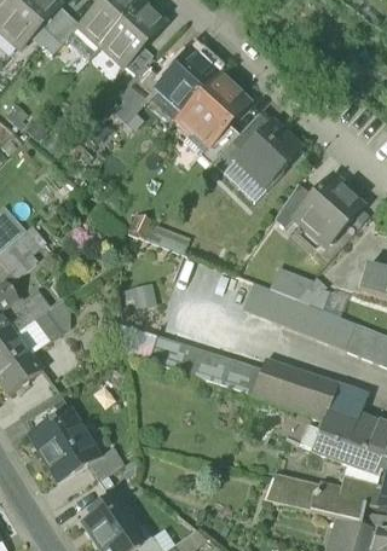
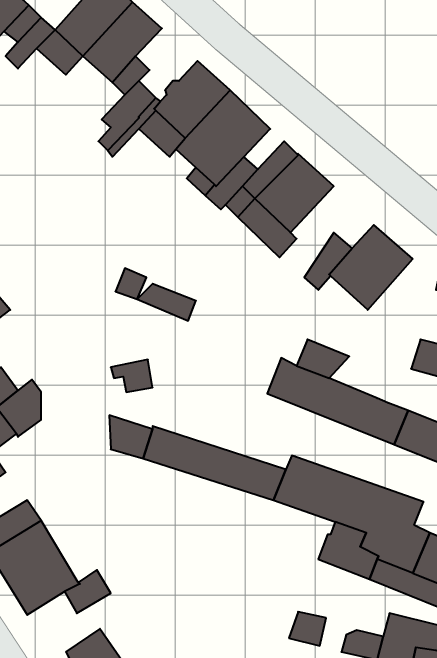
building: [295,276,347,317] -> none

